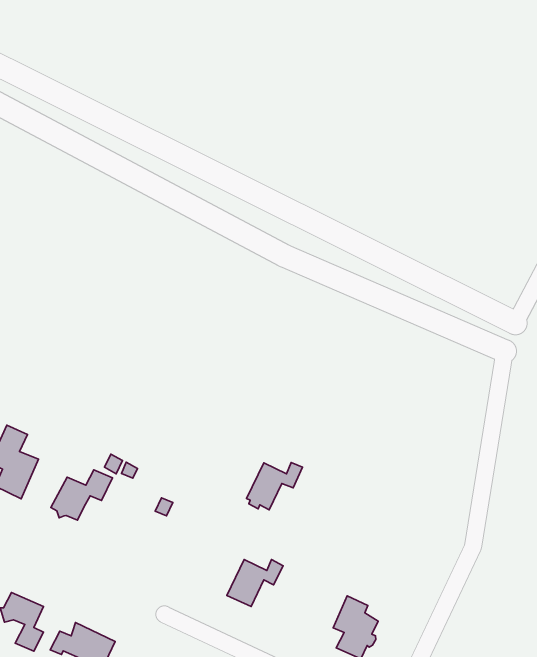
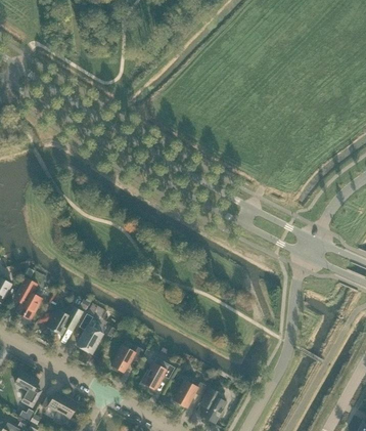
building: [246,463,303,510] -> [110,346,143,373]
building: none -> [76,314,102,354]
building: none -> [173,381,204,407]

